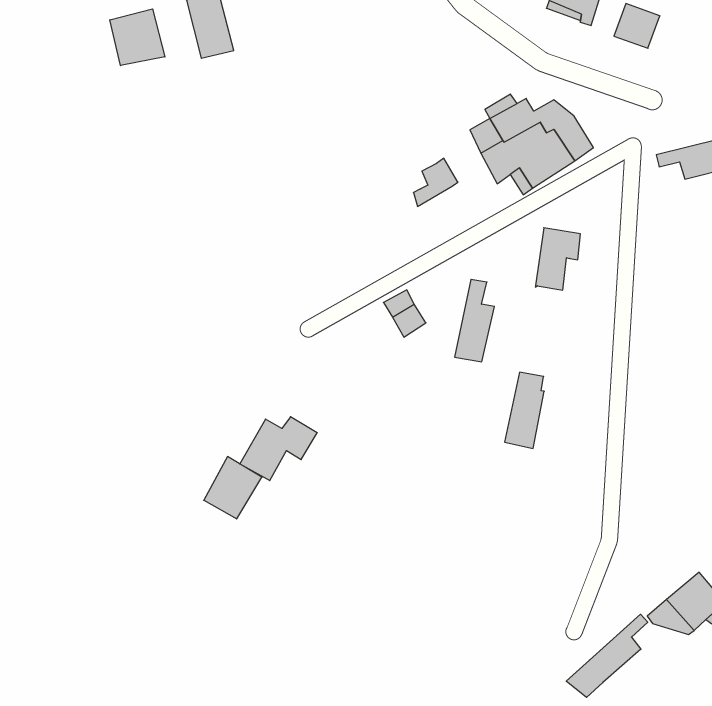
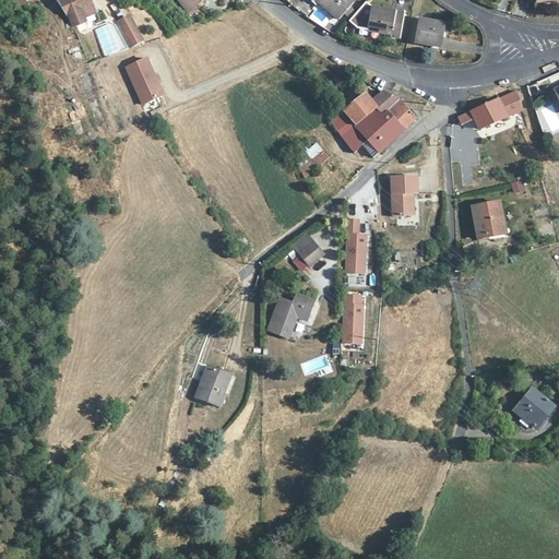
building: [110,9,165,66] -> none
building: none -> [472,200,506,238]
building: [505,372,544,448] -> [343,294,364,343]
building: [240,417,317,481] -> [267,292,316,336]
building: [566,614,648,697] -> none

